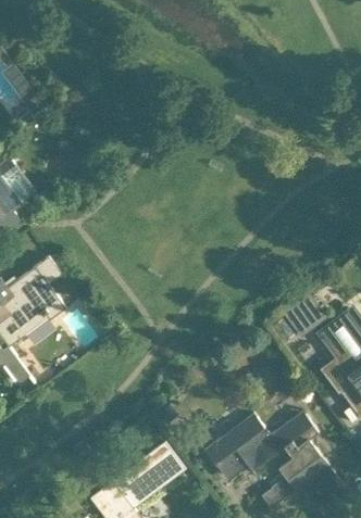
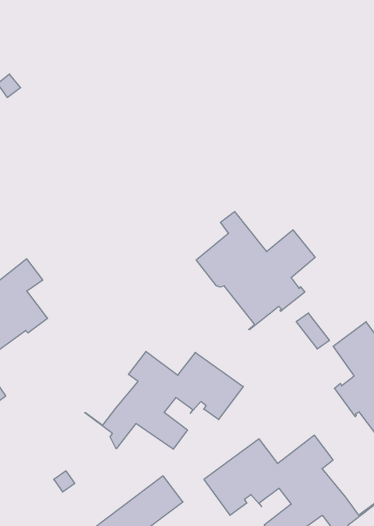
building: none -> [196,212,315,330]
building: none -> [85,351,243,449]

